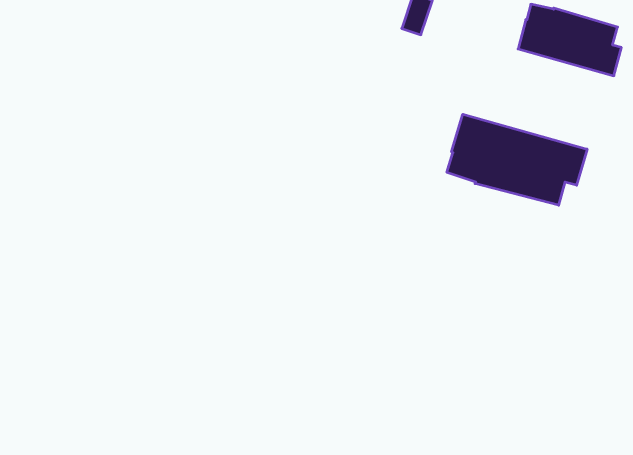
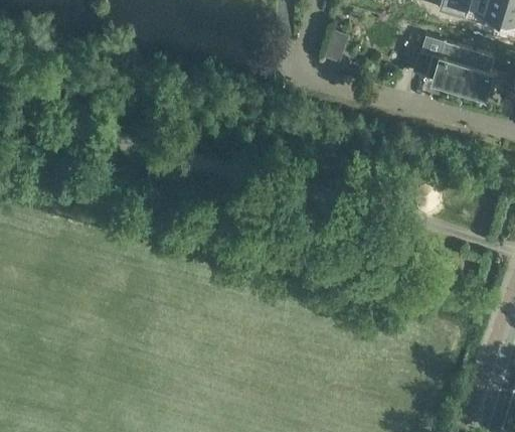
building: [447,114,587,205] -> none

